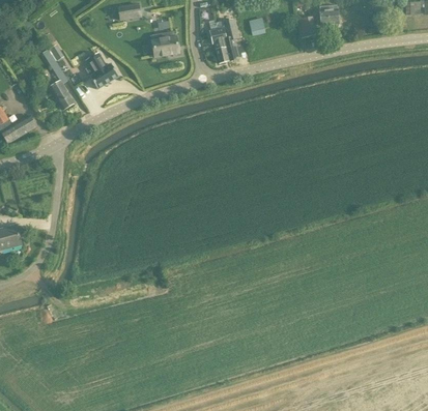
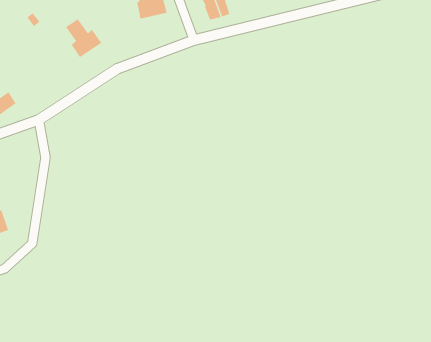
building: [41,49,73,109] -> none

